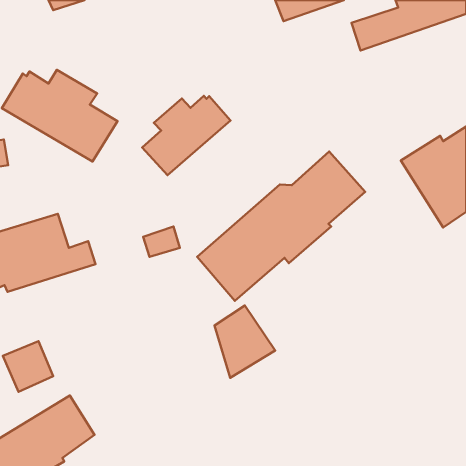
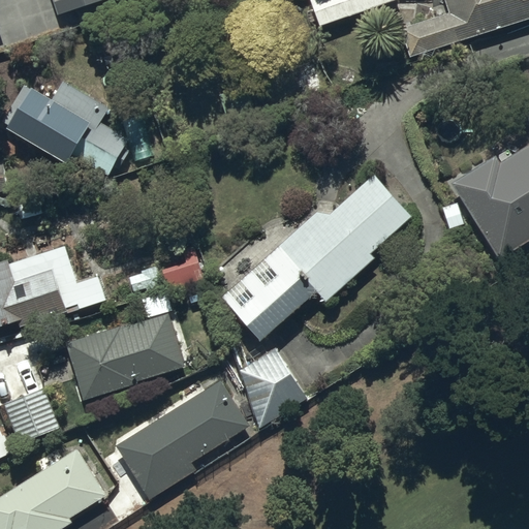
building: [142,96,231,175] -> none
building: none -> [67,312,184,398]
building: none -> [117,379,250,497]

